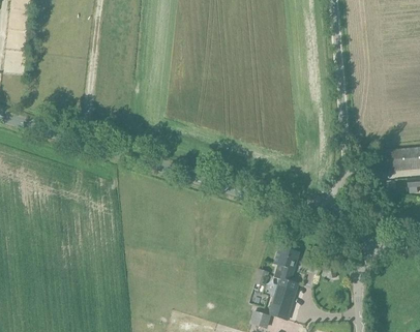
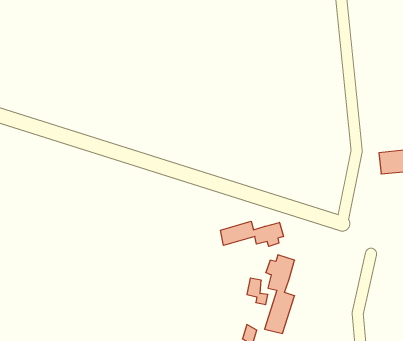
building: none -> [221,221,283,246]

